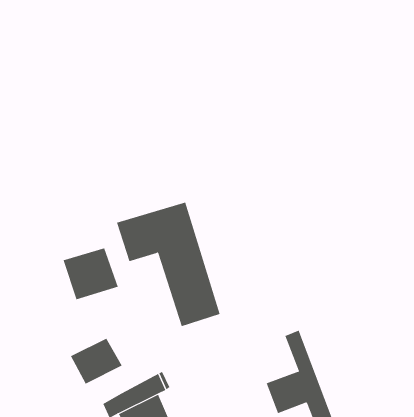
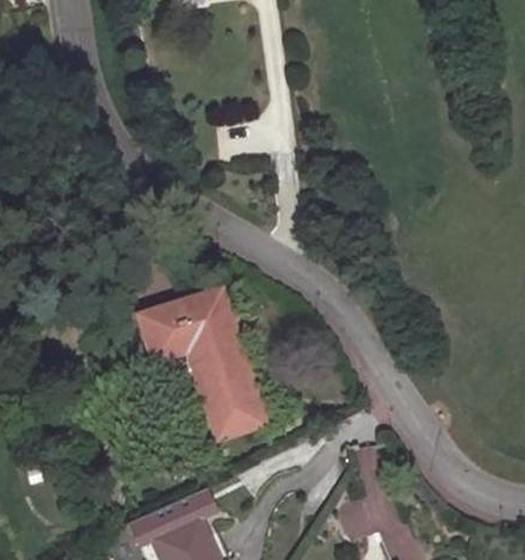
building: [63,247,119,300] -> none
building: [70,338,122,384] -> none

